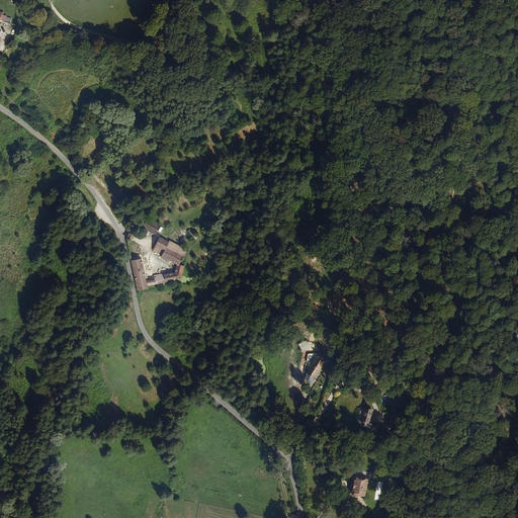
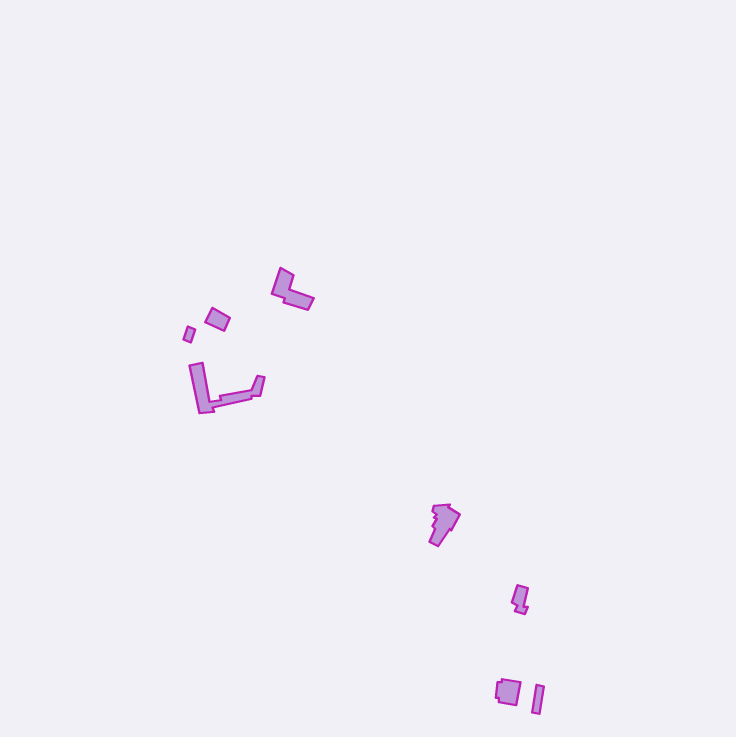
building: [155,234,184,263] -> [272,268,314,310]

